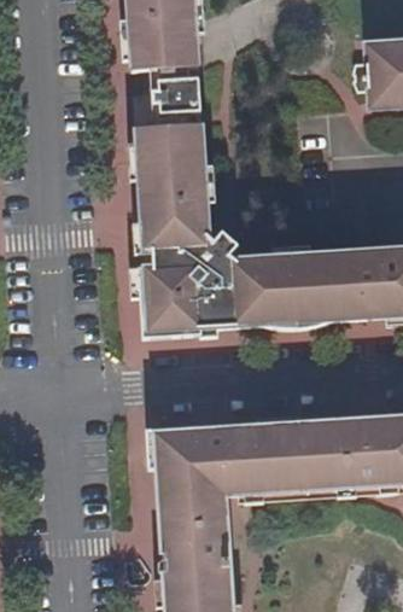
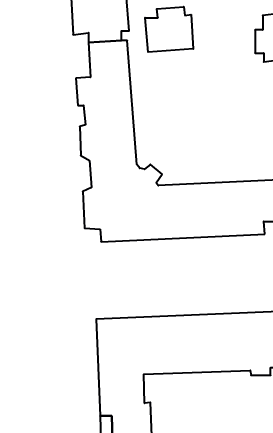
building: none -> [145,7,193,52]

